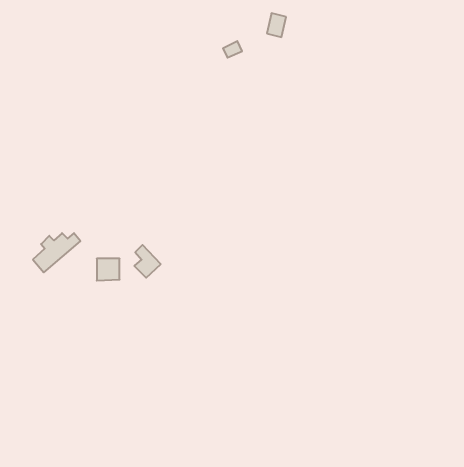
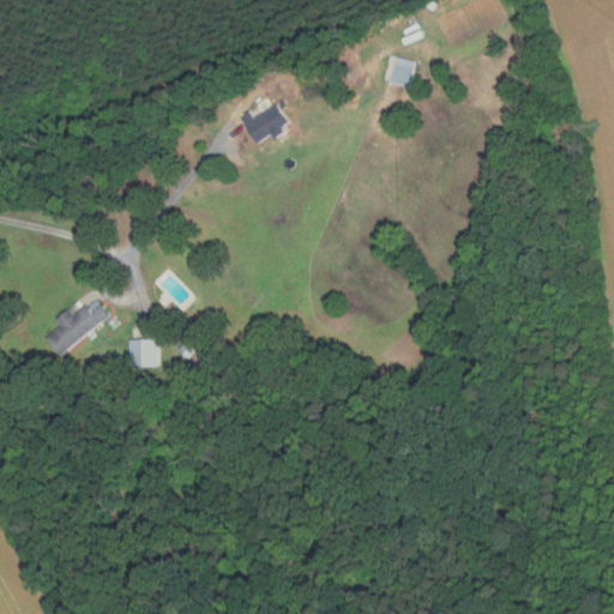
building: [267,13,286,37] -> [389,56,414,88]
building: none -> [240,102,288,144]

